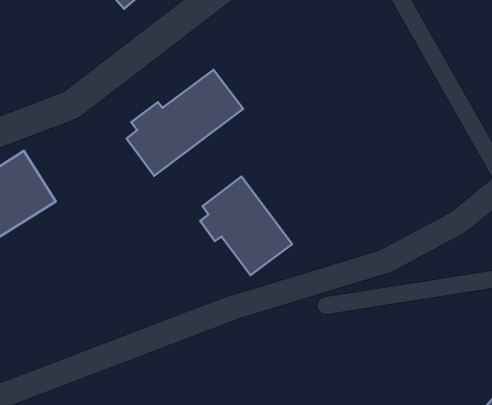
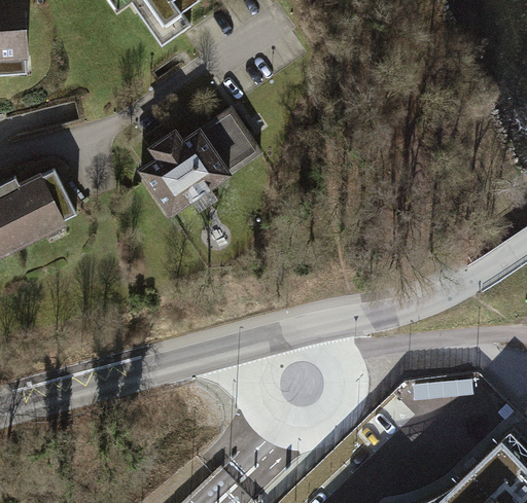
building: [200,176,292,275] -> none

